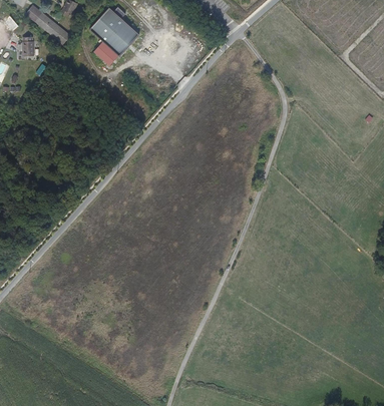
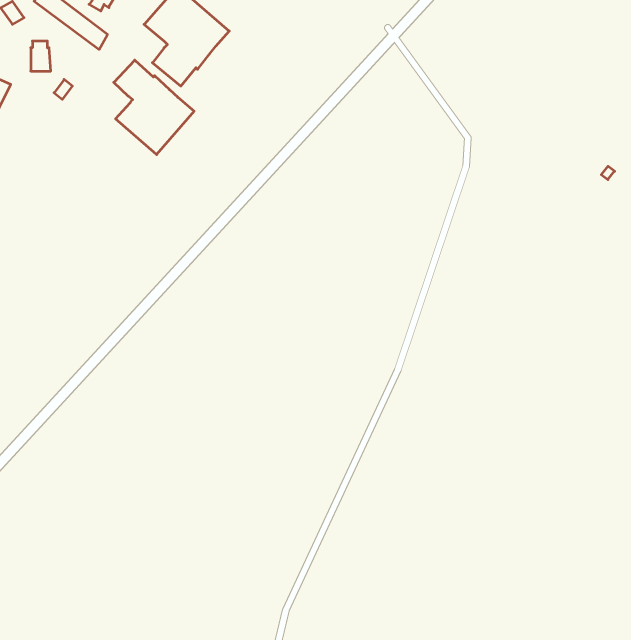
building: none -> [114,60,194,155]

